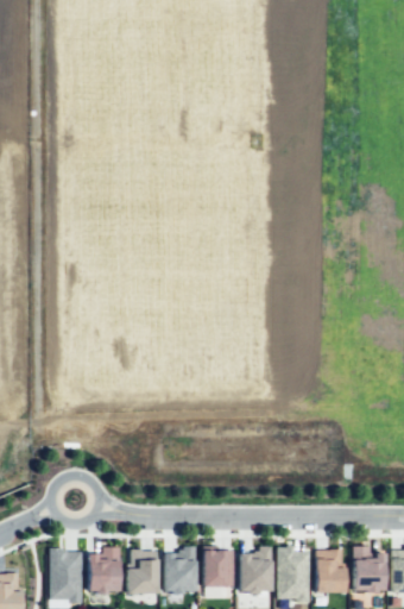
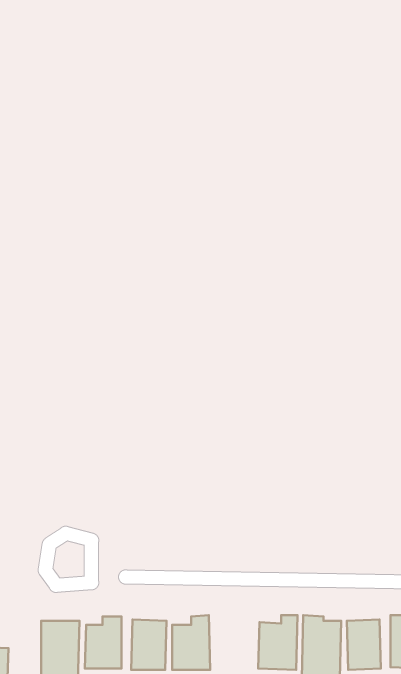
building: [203,551,235,588] -> none

